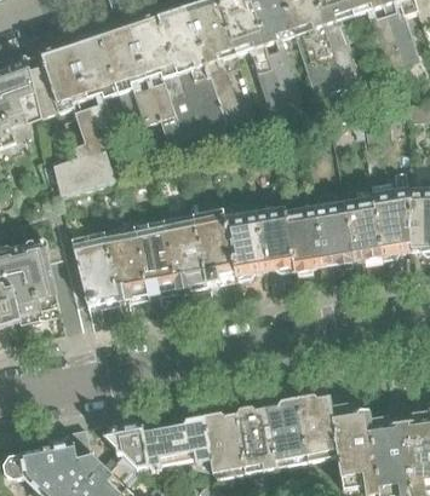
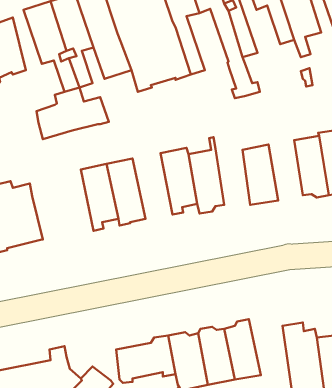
building: [27,52,61,120] -> none
building: [315,198,354,266] -> none
building: [256,203,294,273] -> none
building: [162,213,208,290] -> none
building: [68,219,117,306] -> none
building: [293,396,338,462] -> none
building: [104,421,148,468] -> none

